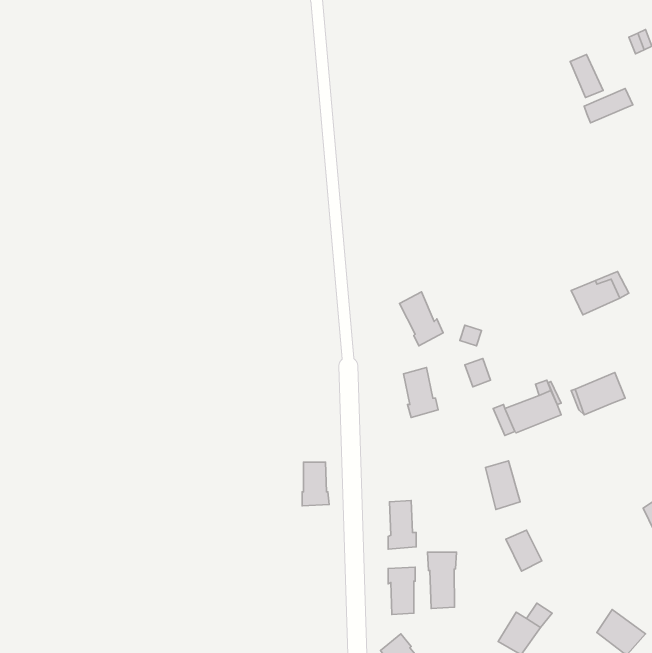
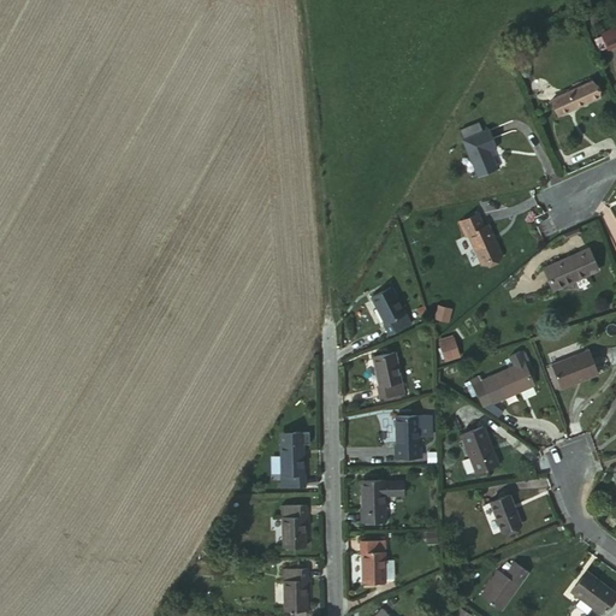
building: [570,55,603,97] -> none
building: none -> [460,128,493,176]
building: none -> [460,214,500,263]
building: none -> [392,409,430,452]
building: none -> [285,496,312,537]
building: [428,552,456,609] -> none
building: none -> [289,564,313,609]

